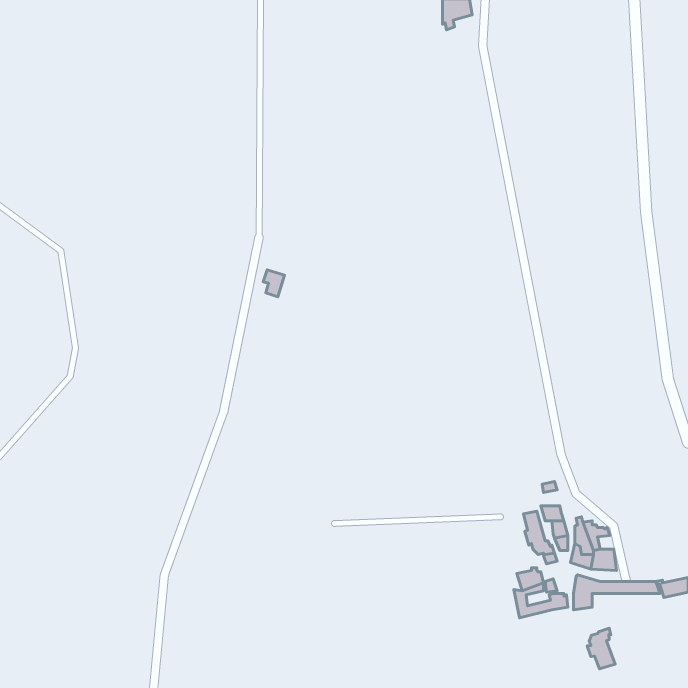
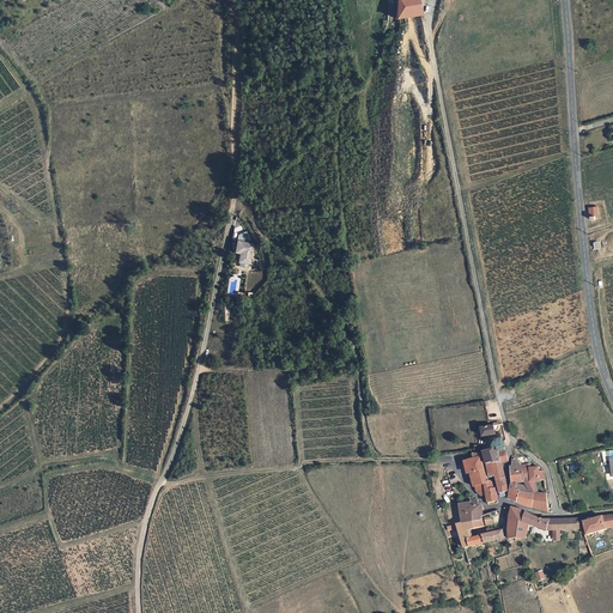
building: [587,628,615,669] -> none

